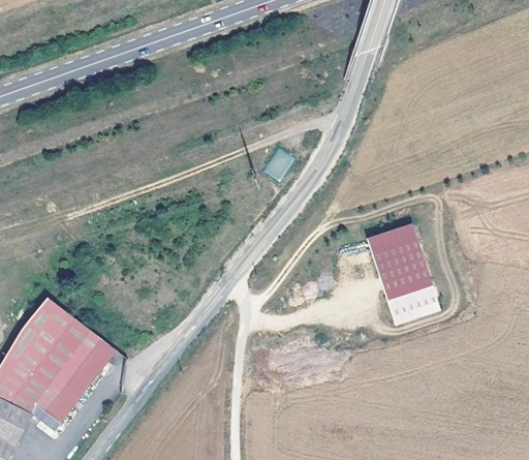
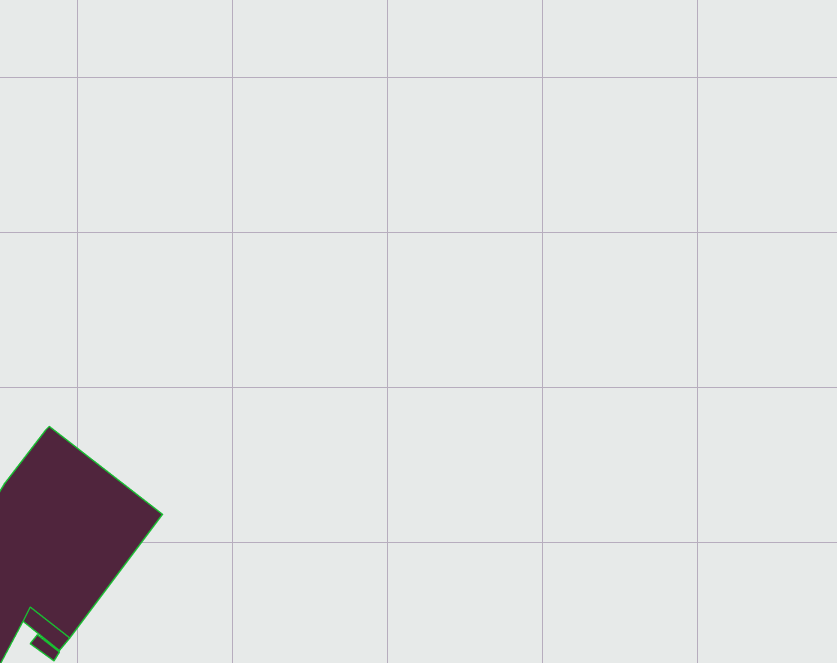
building: [263,148,294,182] -> none
building: [367,223,440,325] -> none

